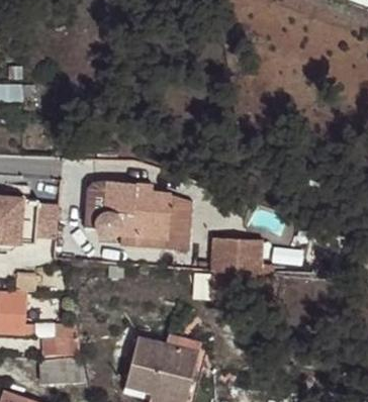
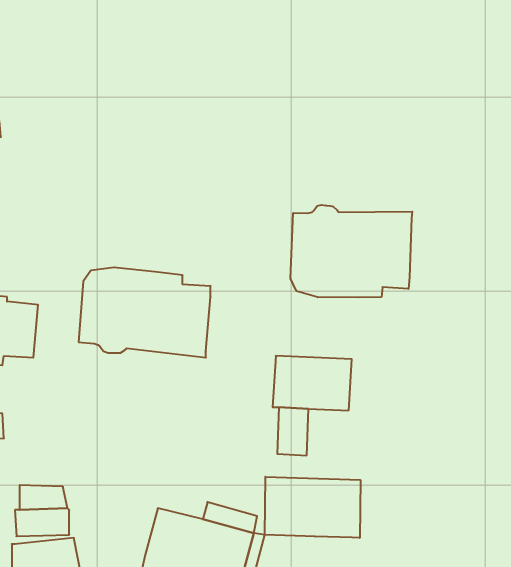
building: none -> [291,205,412,297]
building: [168,200,192,237] -> none
building: none -> [265,477,360,538]

